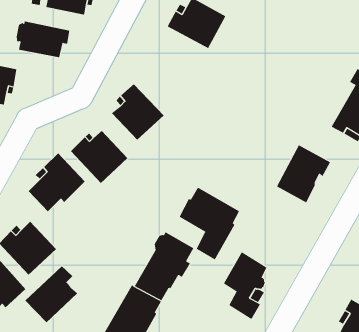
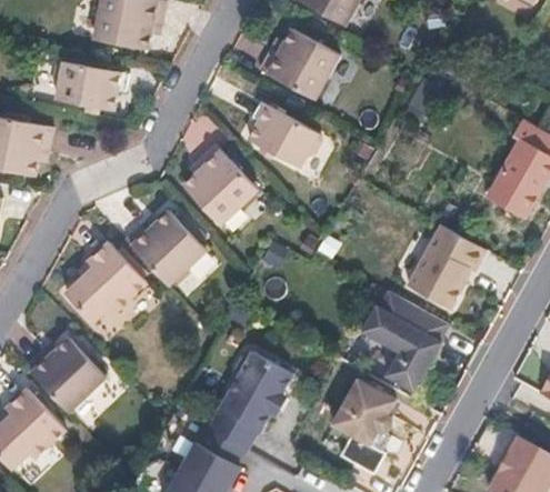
building: none -> [246,101,319,167]
building: [179,187,240,260] -> [366,289,450,390]
building: [24,265,78,323] -> none

